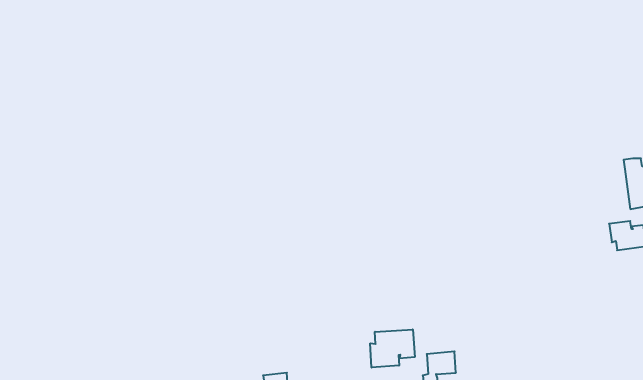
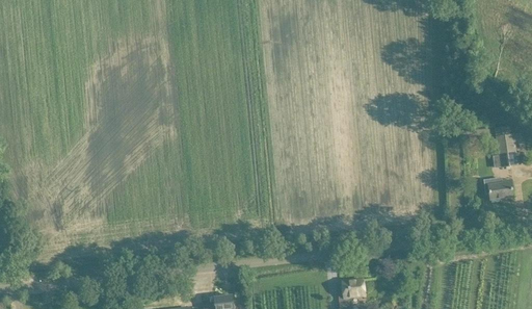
building: [370,329,415,368] -> none

